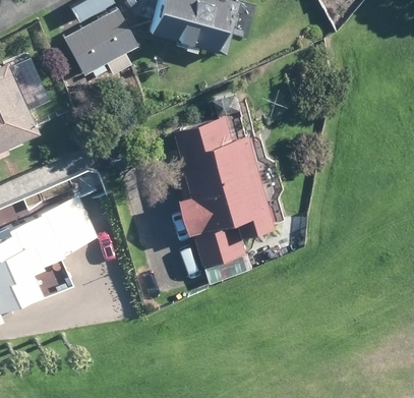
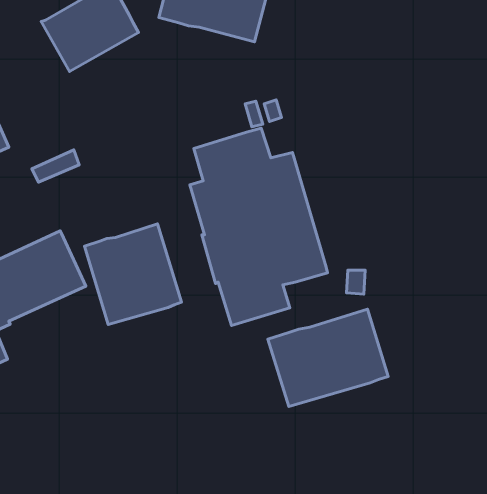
building: none -> [84,224,181,325]
building: none -> [268,309,388,406]

